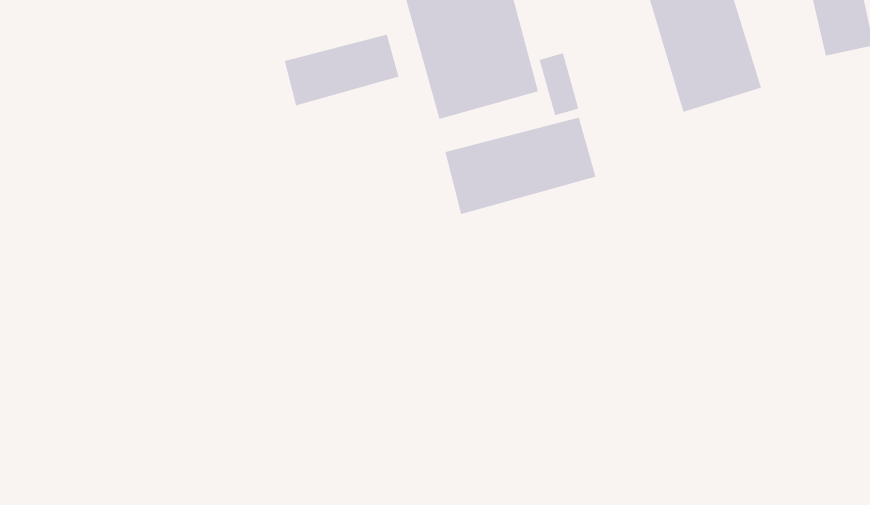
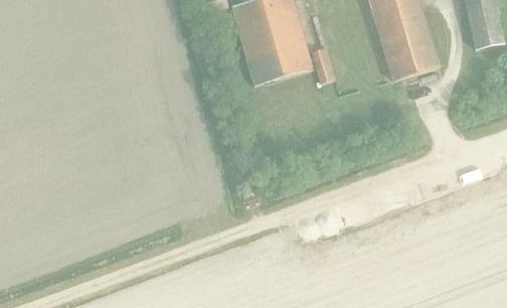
building: [284,34,399,106] -> none
building: [445,117,596,215] -> none

